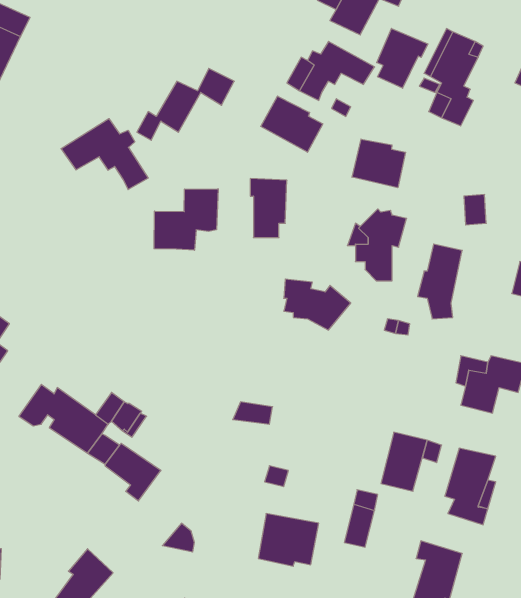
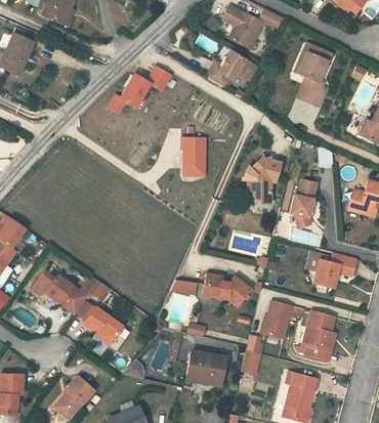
building: [377,28,428,88] -> none
building: [261,96,323,152] -> none
building: [61,119,148,190] -> none
building: [352,139,406,188] -> none
building: [154,189,218,250] -> none
building: [284,279,351,330] -> [204,274,247,307]

